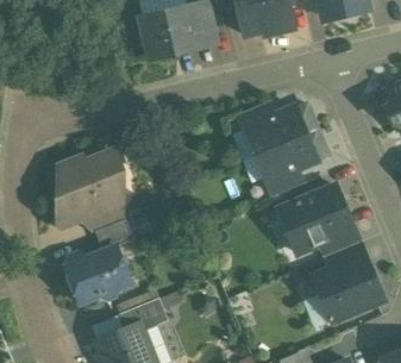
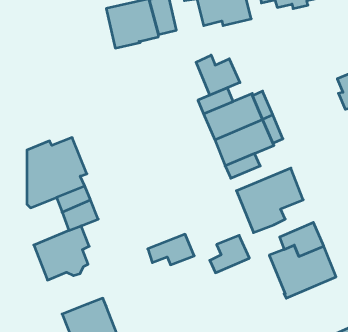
building: none -> [196,55,240,95]
building: [318,219,359,258] -> [210,235,249,273]
building: [118,299,167,331] -> [148,234,194,265]

